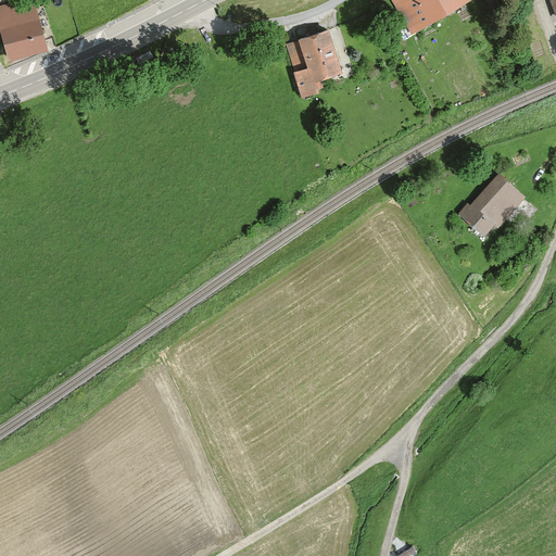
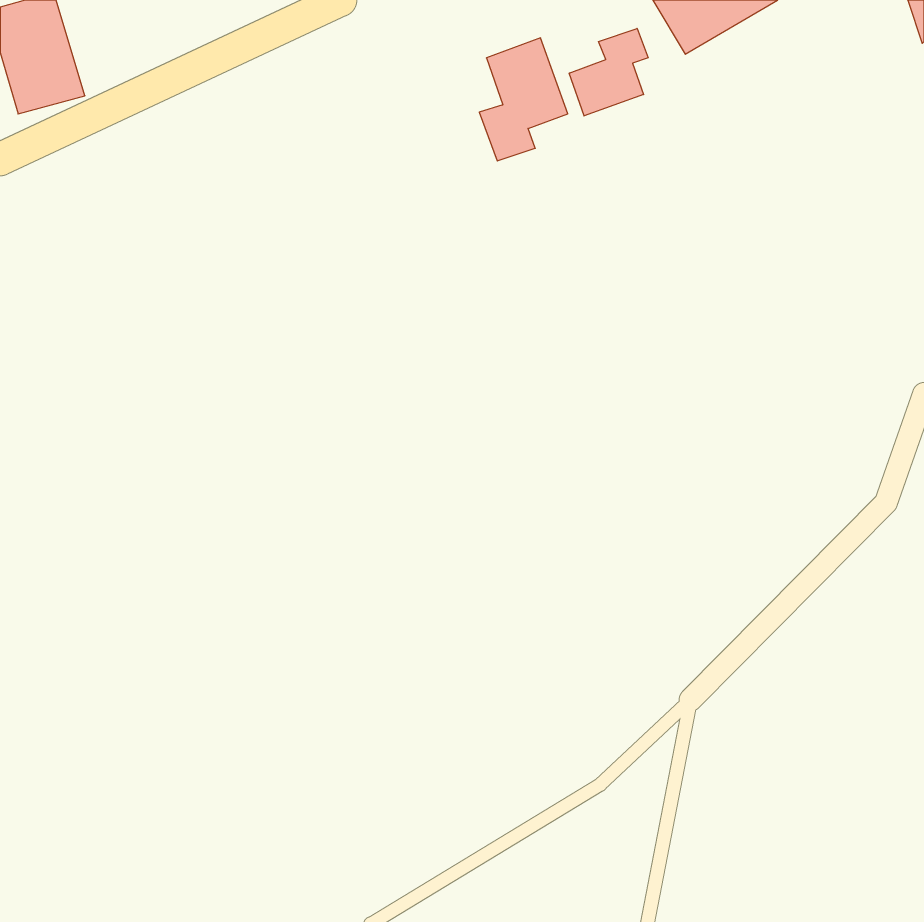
building: none -> [569,28,648,116]
building: [456,169,527,241] -> none

